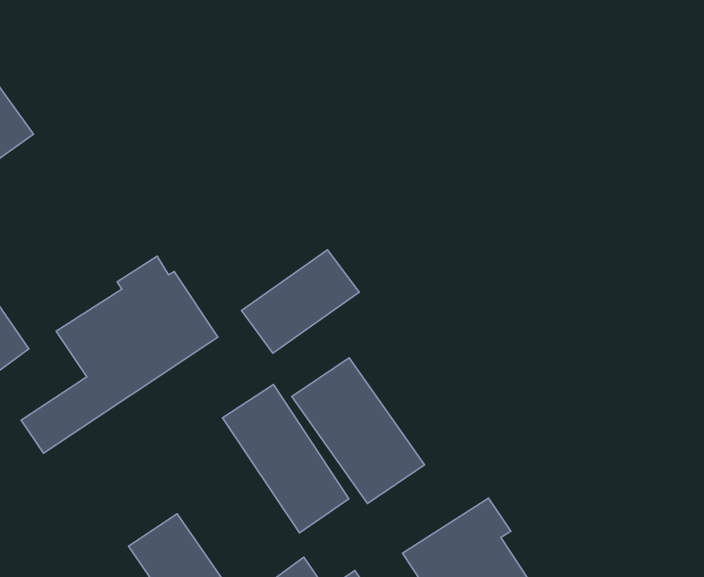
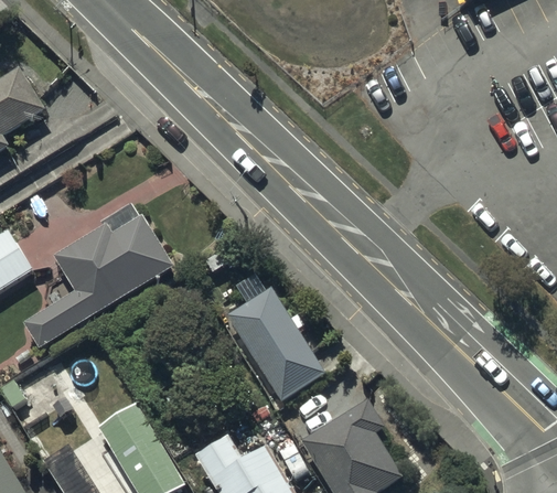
building: [241,250,359,353] -> none
building: [223,384,349,533] -> none

